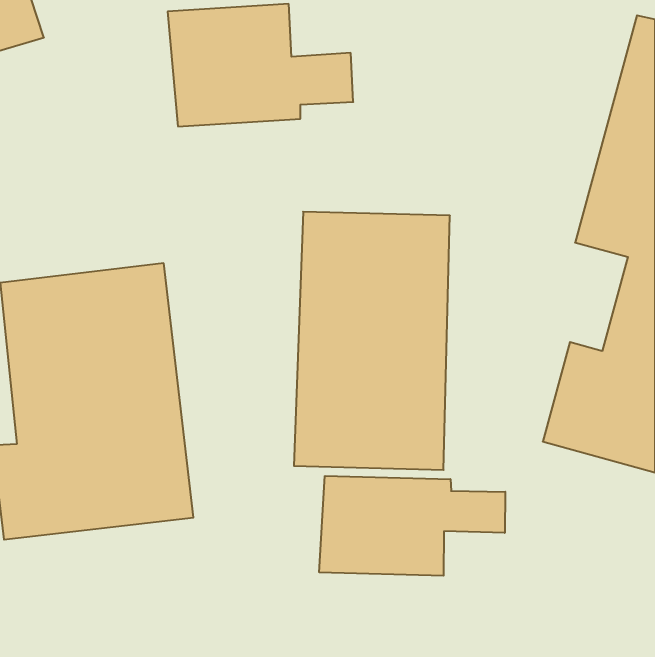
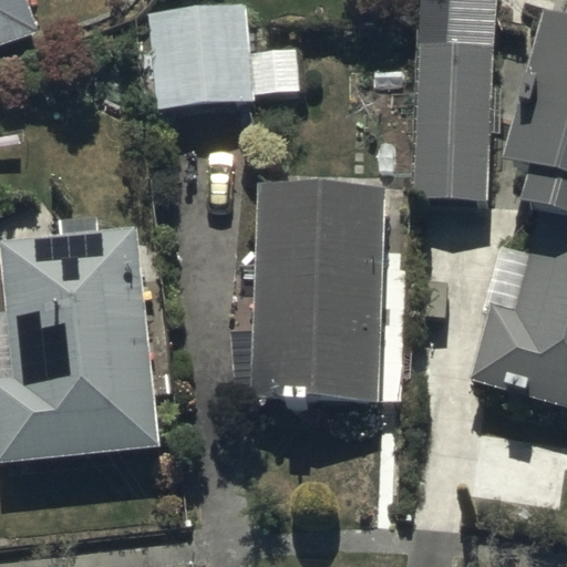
building: none -> [410,41,491,200]
building: [319,476,505,576] -> none

